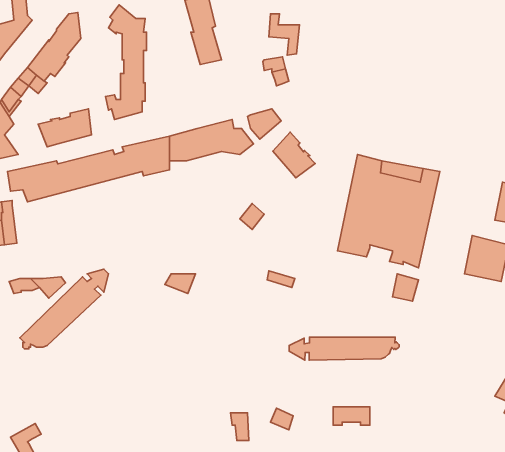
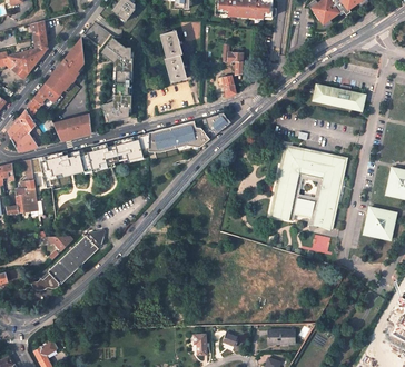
building: none -> [313,85,365,111]
building: [273,132,315,178] -> none
building: [289,337,399,360] -> none

